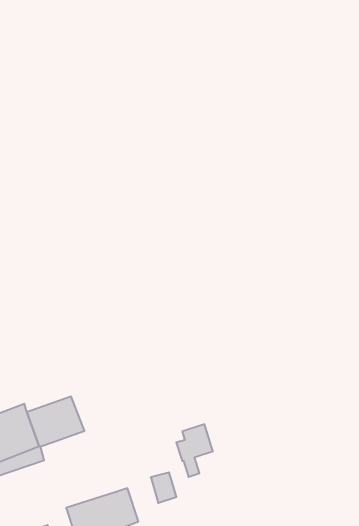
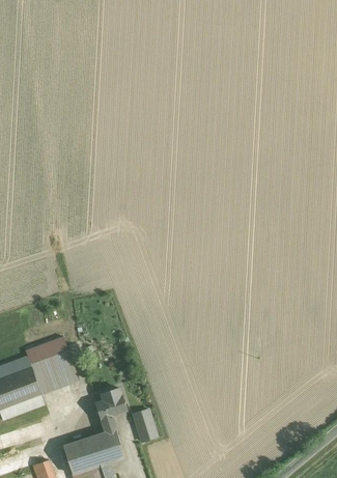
building: none -> [25,336,67,364]
building: [176,424,213,477] -> [95,387,127,431]

